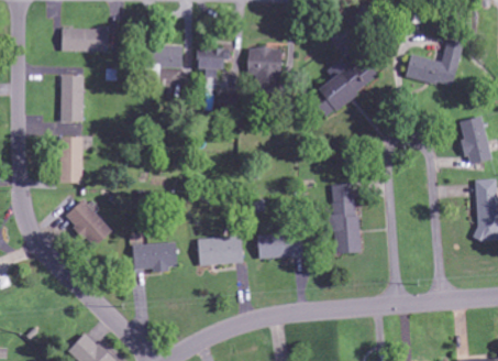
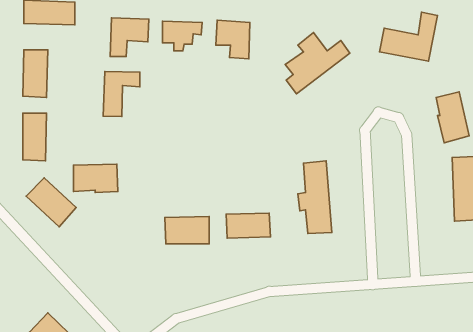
building: none -> [103,71,140,117]
building: [133,243,176,271] -> [74,164,118,192]

